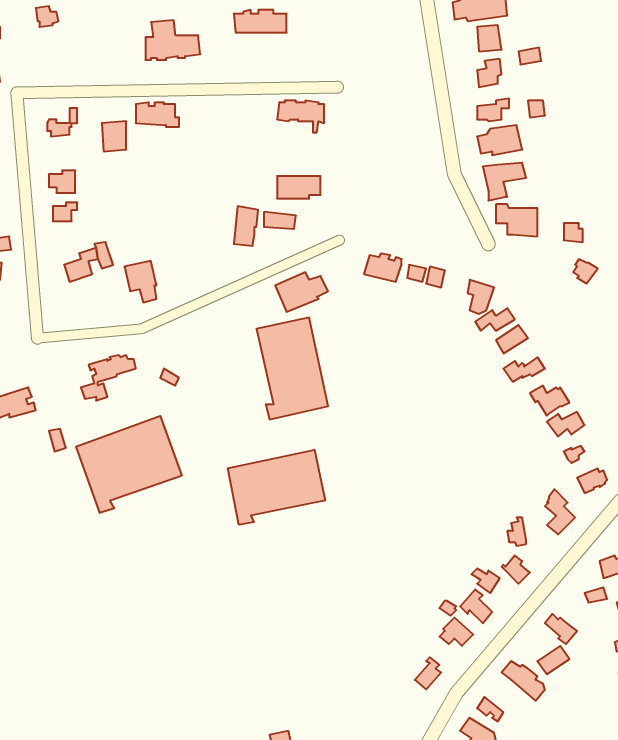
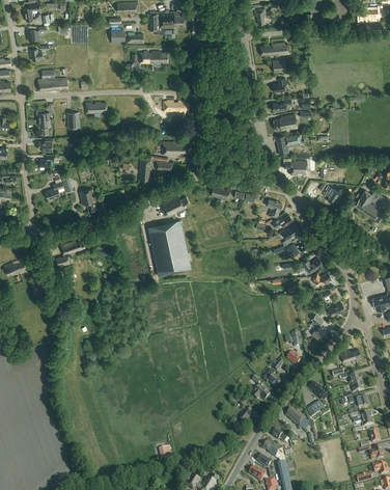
building: [145,20,200,60] -> [37,69,67,90]
building: [76,416,182,513] -> none
building: [228,450,325,525] -> none

